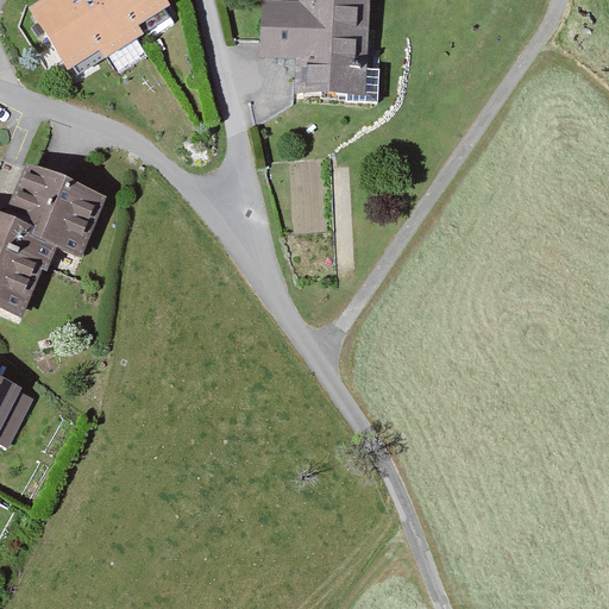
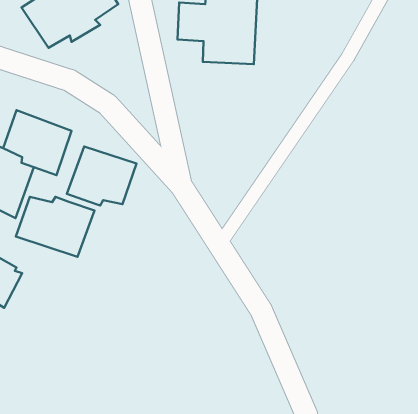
building: none -> [67,147,137,206]
building: none -> [16,197,94,257]

